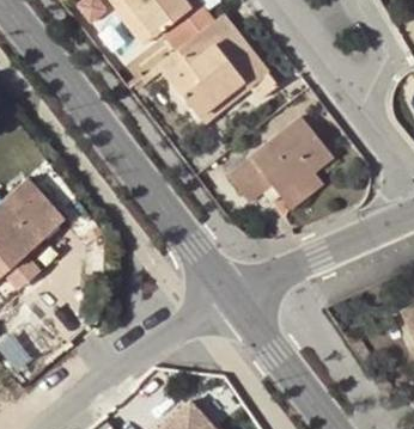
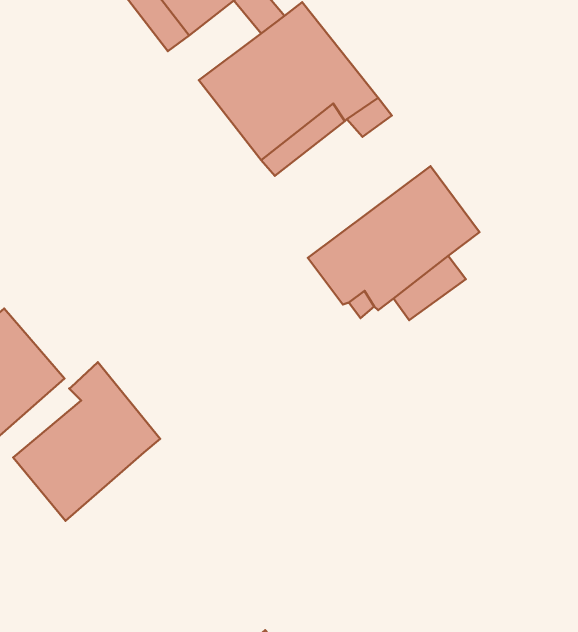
building: none -> [13,362,160,521]

